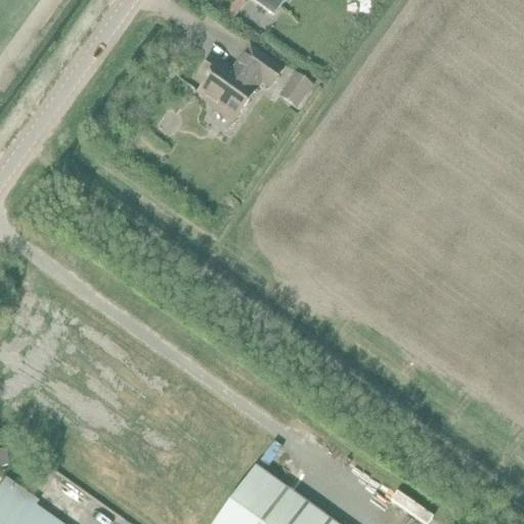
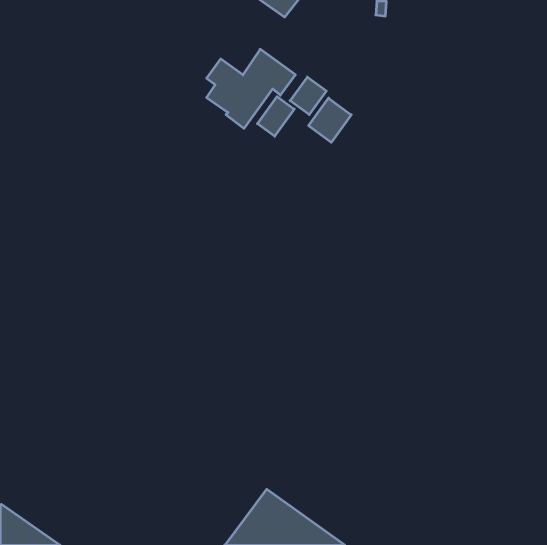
building: none -> [257,97,294,136]
building: none -> [309,98,351,142]

